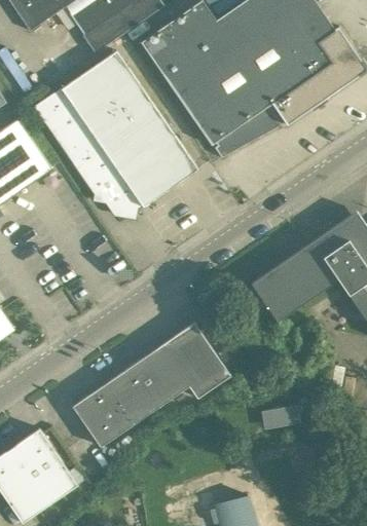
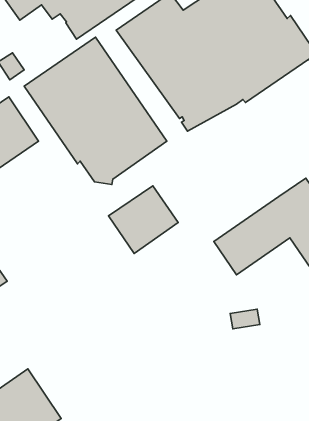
building: none -> [109,186,178,253]
building: [72,322,227,446] -> none
building: [268,405,302,427] -> [230,309,260,329]

